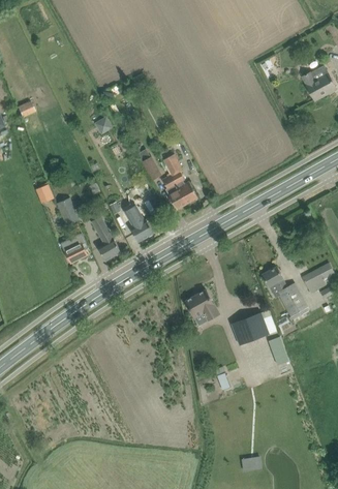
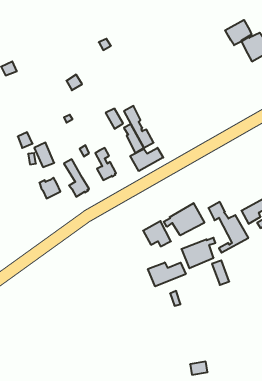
building: none -> [225,20,252,45]
building: none -> [130,148,163,171]
building: none -> [164,203,204,235]
building: none -> [148,262,186,286]

